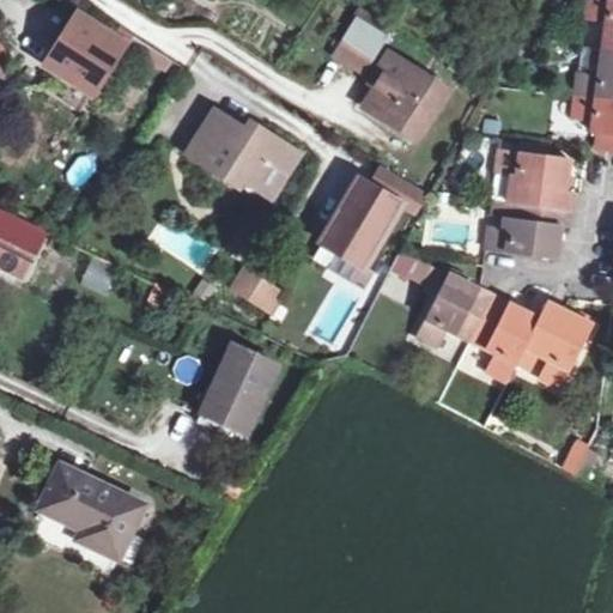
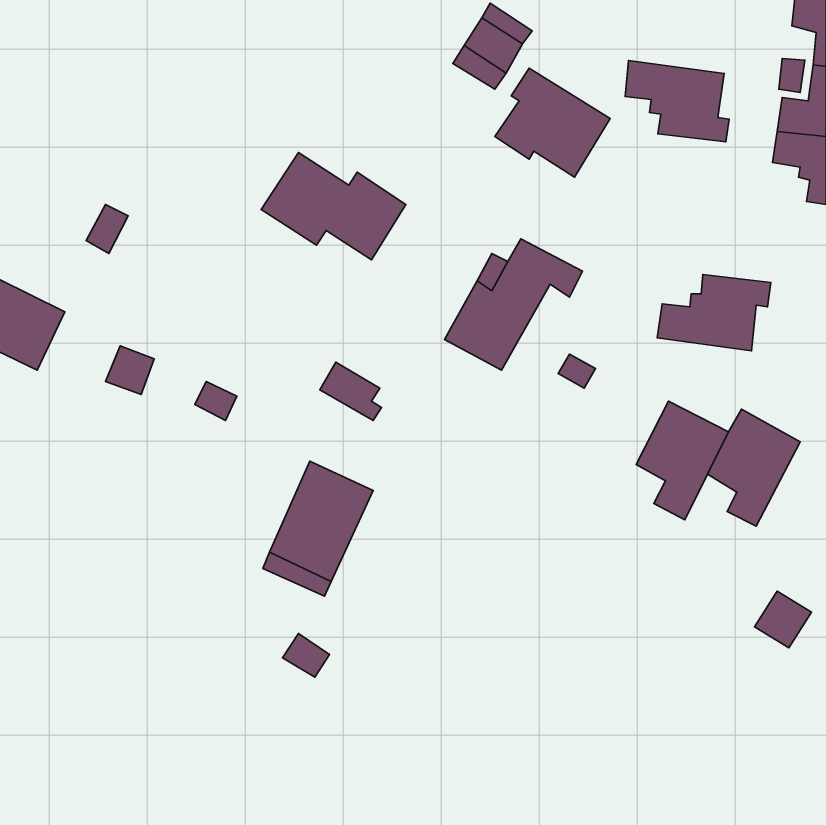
building: [45,13,132,95] -> none
building: [494,148,571,208] -> [625,61,729,142]
building: [414,273,493,347] -> none
building: [40,468,145,558] -> none

